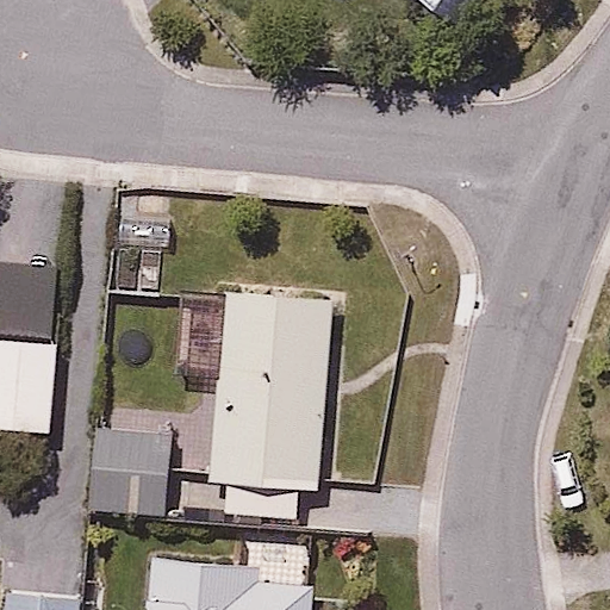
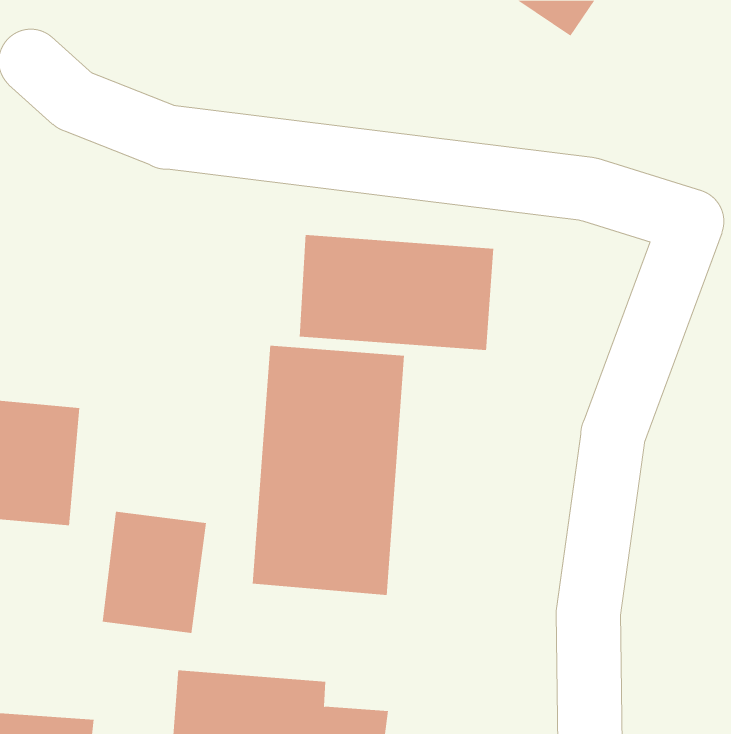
building: none -> [299,234,494,351]

